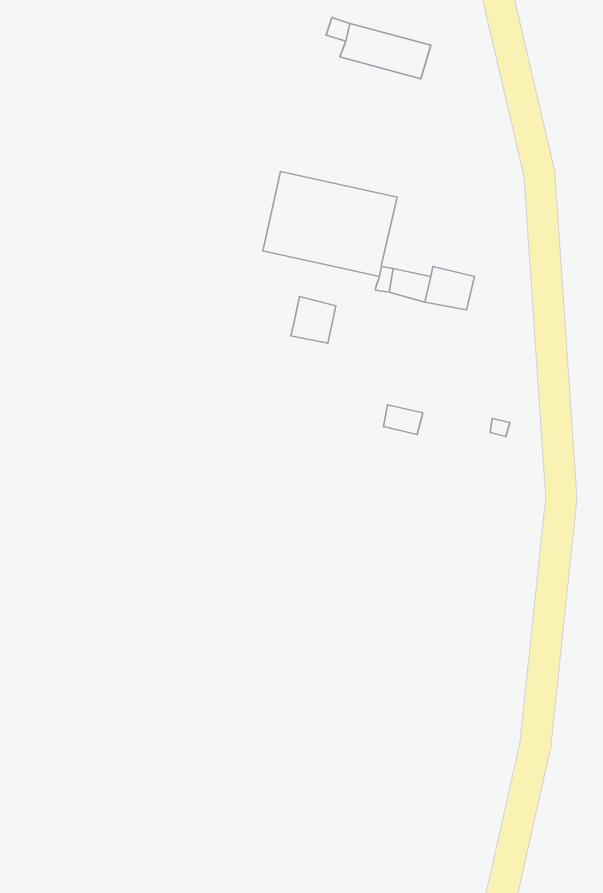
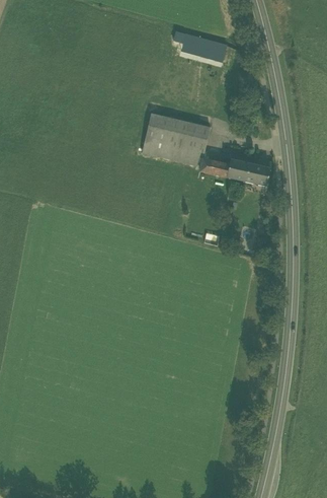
building: none -> [246,164,271,187]
building: [291,296,336,343] -> none

